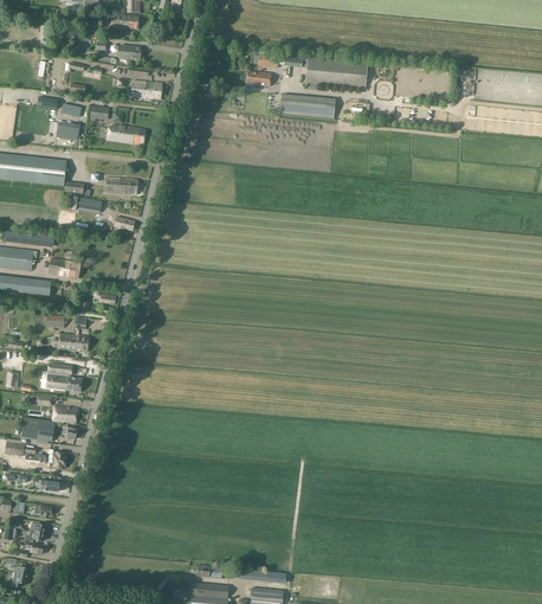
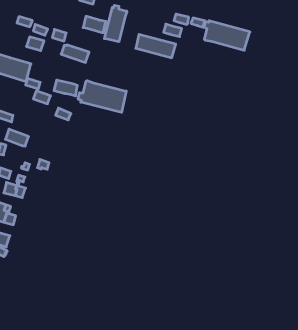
building: none -> [104,5,127,42]
building: [279,94,335,118] -> [136,34,176,58]
building: none -> [78,81,126,112]

